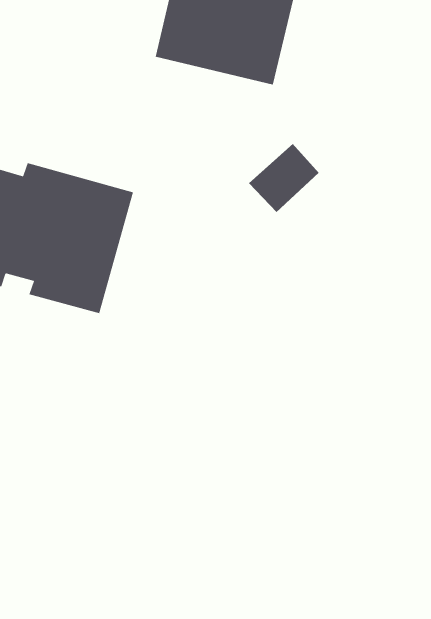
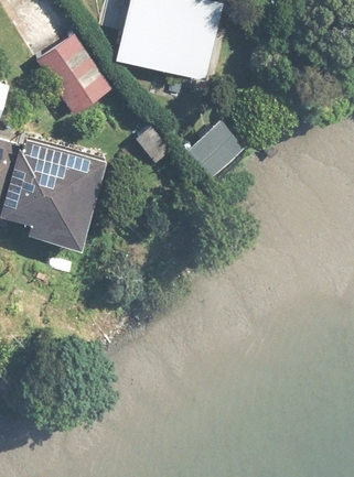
building: none -> [35,35,111,117]

